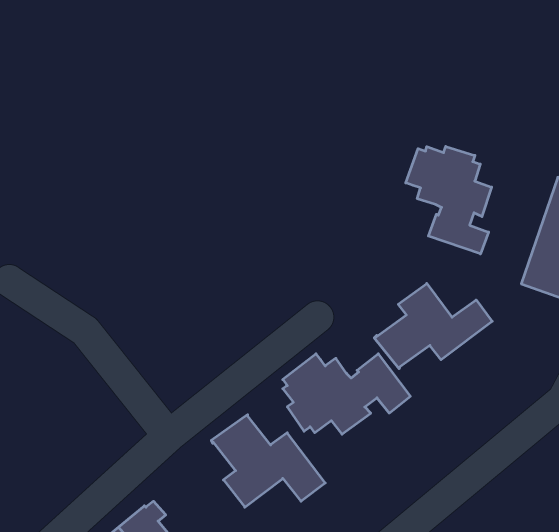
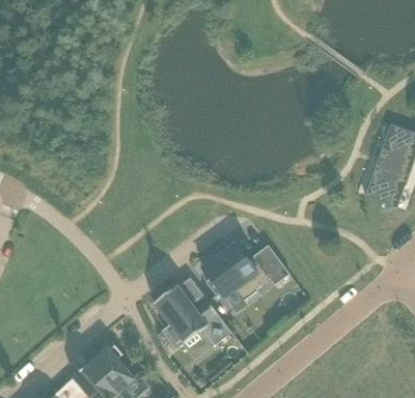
building: [406,146,492,254] -> none
building: [374,283,492,369] -> none

